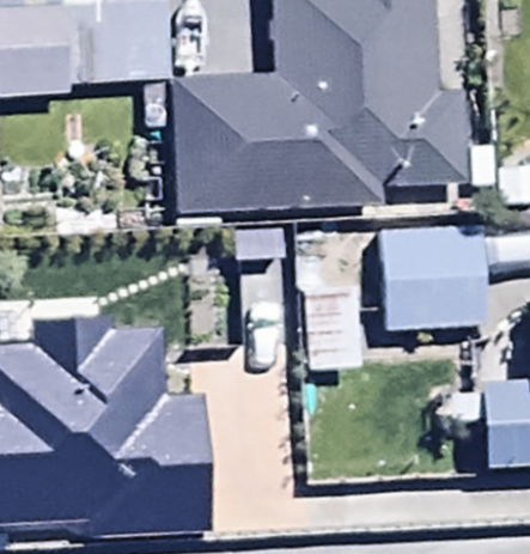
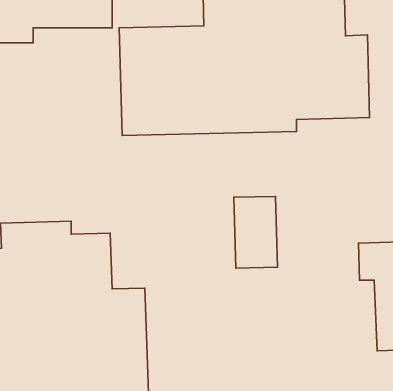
building: [384,223,487,325] -> none

